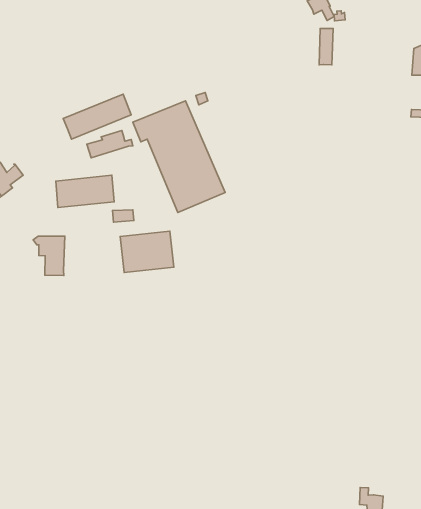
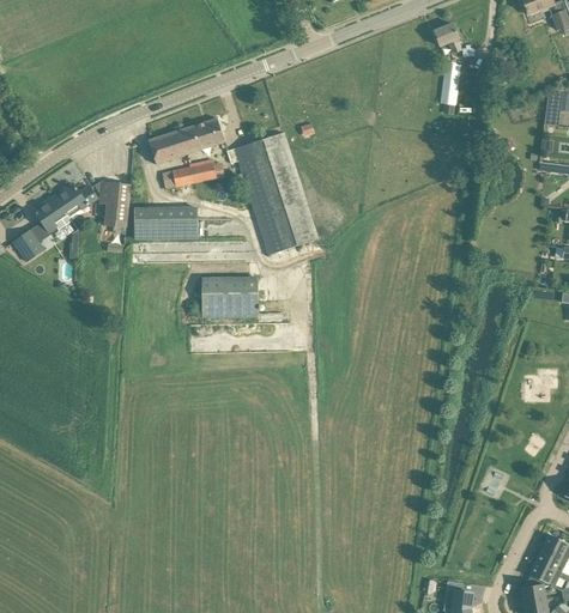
building: [33,236,65,276] -> [93,181,129,227]

